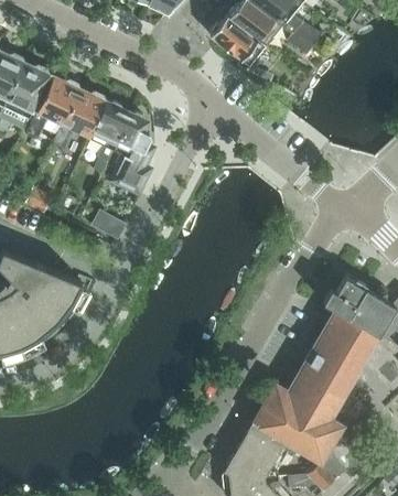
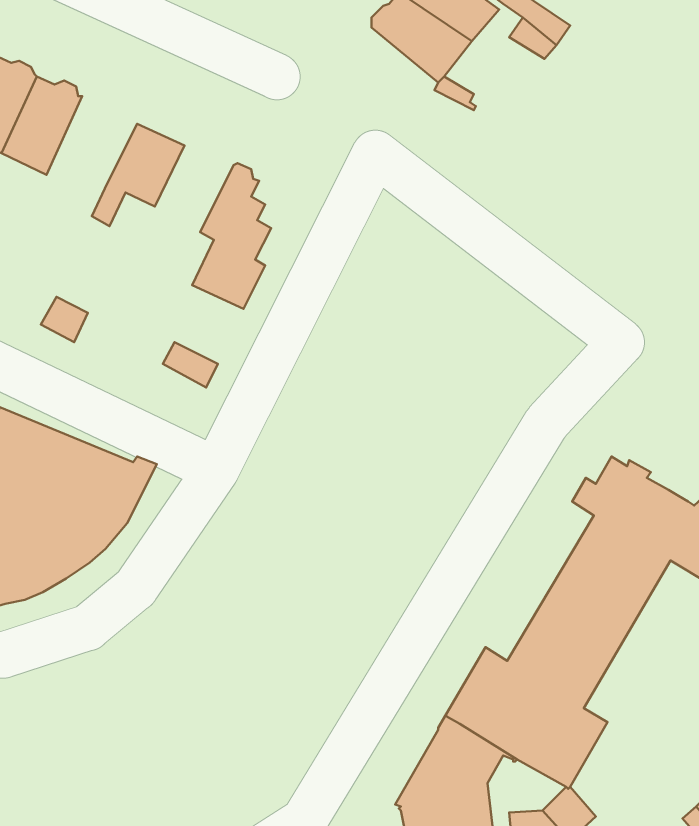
building: [37,76,79,122] -> none
building: [88,100,133,150] -> none

